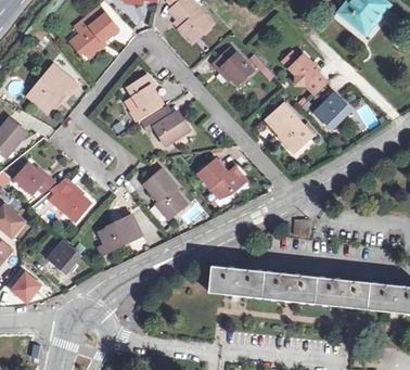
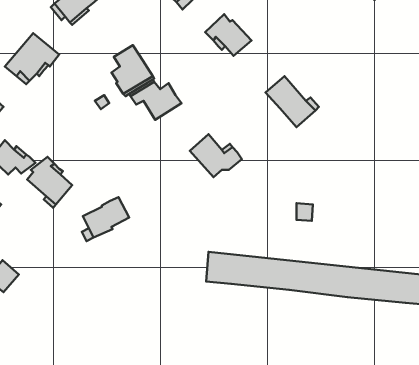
building: [289,54,325,93] -> none
building: [313,91,351,130] -> none
building: [143,169,185,217] -> none
building: [42,241,80,275] -> none

